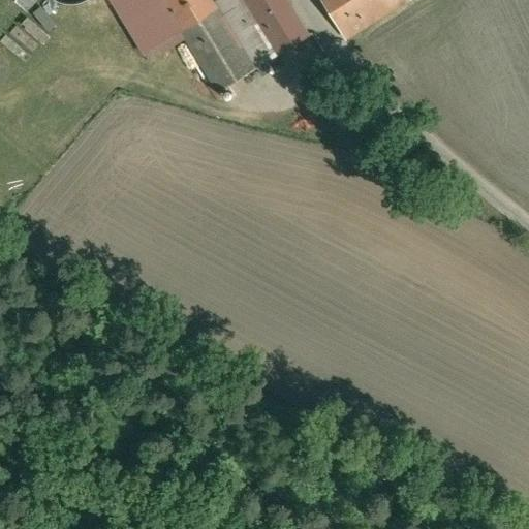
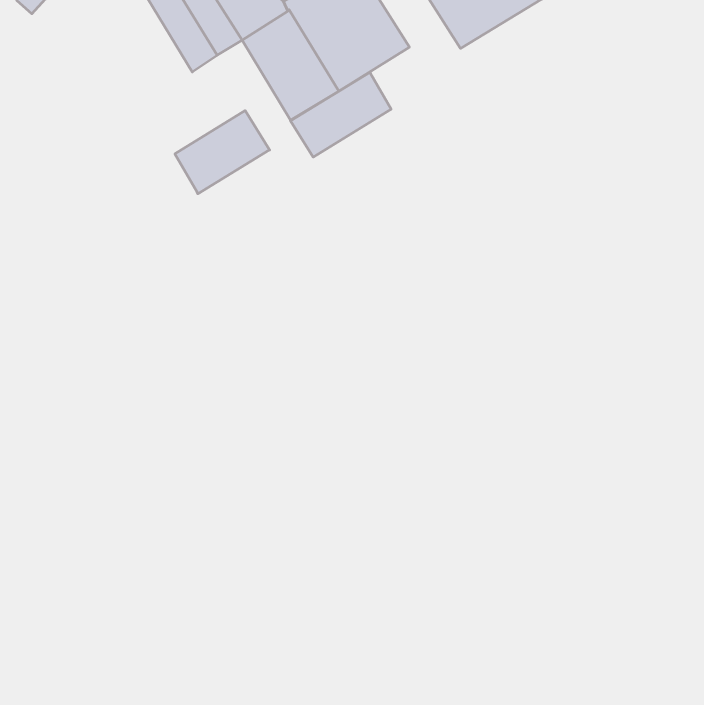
building: none -> [290,72,391,157]
building: none -> [175,111,270,194]

